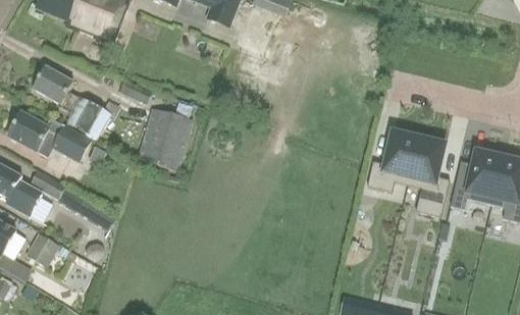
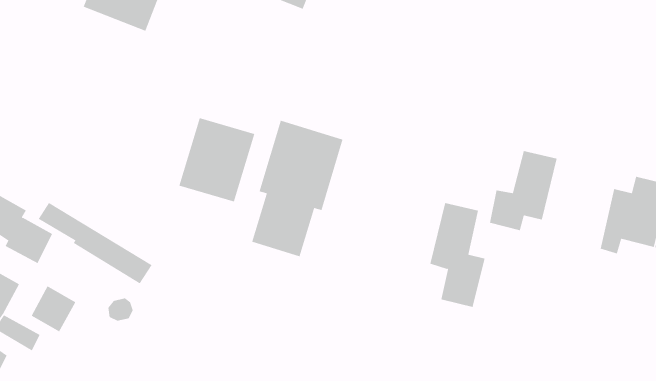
building: [33,67,110,139] -> none
building: none -> [251,120,343,257]
building: [8,112,90,160] -> none
building: [407,138,449,216] -> [430,202,486,308]

